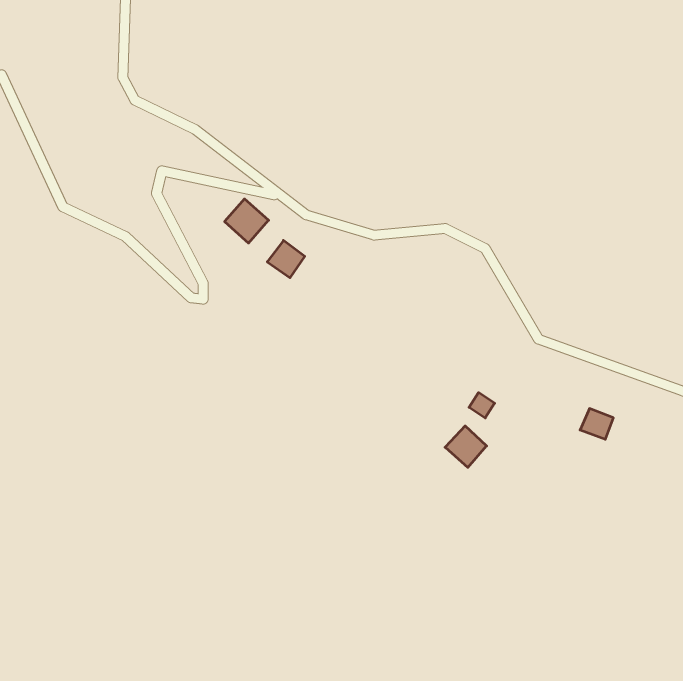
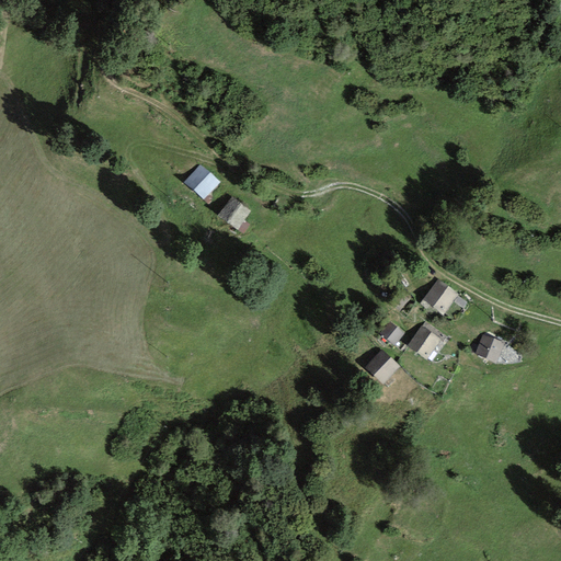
building: none -> [422,279,457,314]
building: none -> [408,325,440,358]

